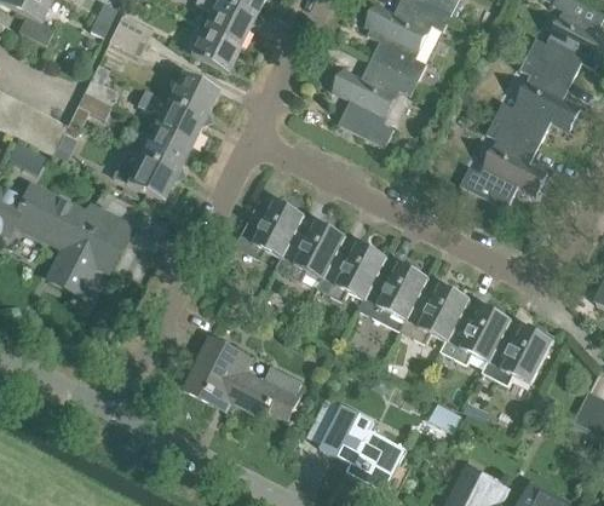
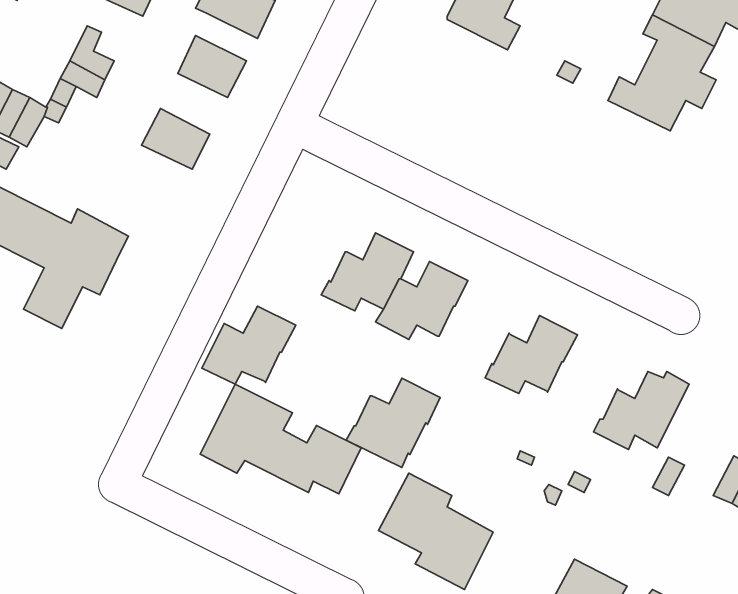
building: [338,58,418,146] -> none
building: [137,87,205,145] -> none
building: [460,120,543,207] -> none
building: [119,146,178,200] -> none
building: [235,200,306,259] -> [202,306,296,384]
building: [358,263,430,330] -> [346,378,440,467]
building: [442,305,513,364] -> none

